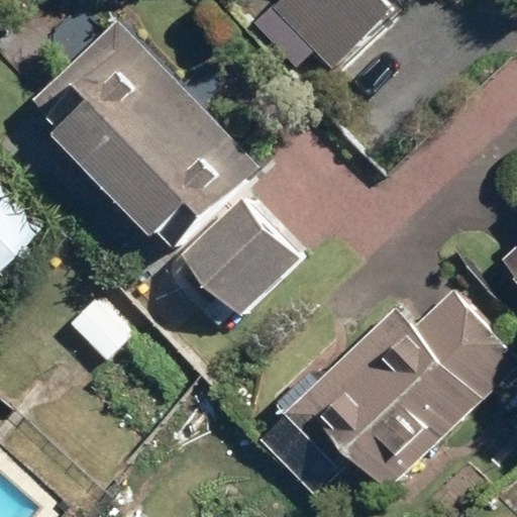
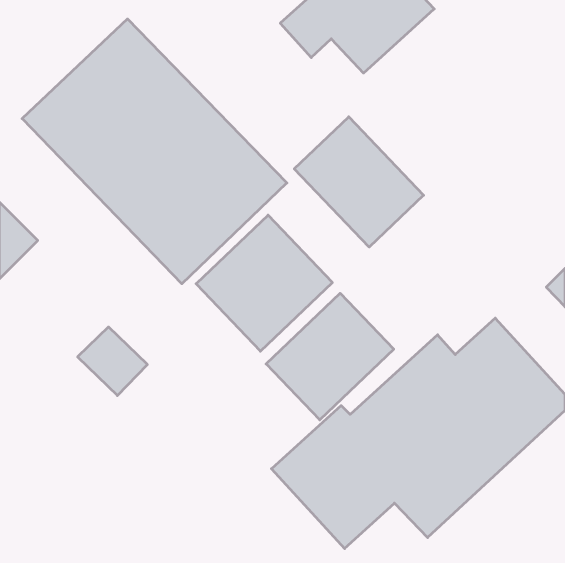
building: none -> [294,117,424,247]
building: none -> [266,293,394,420]

